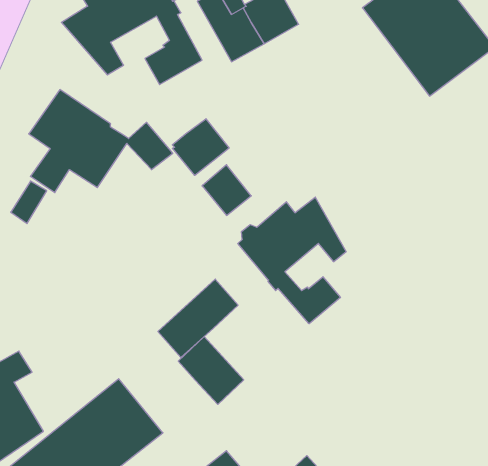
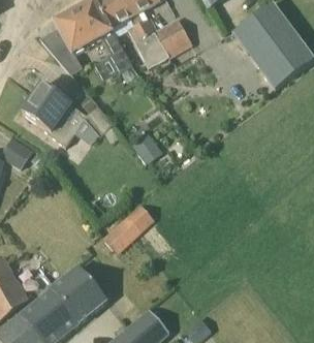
building: [172,119,229,175] -> none
building: [238,197,346,324] -> none
building: [178,337,244,404] -> none

